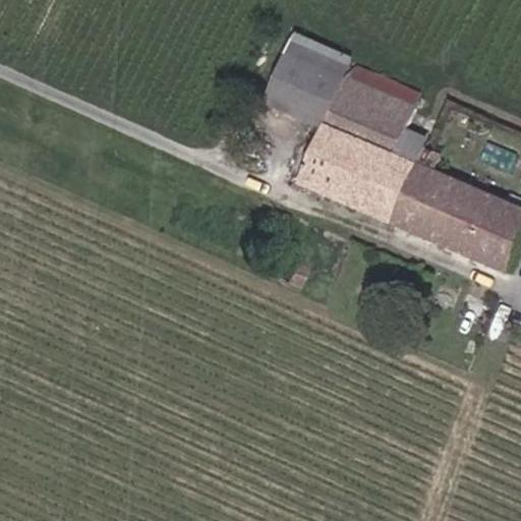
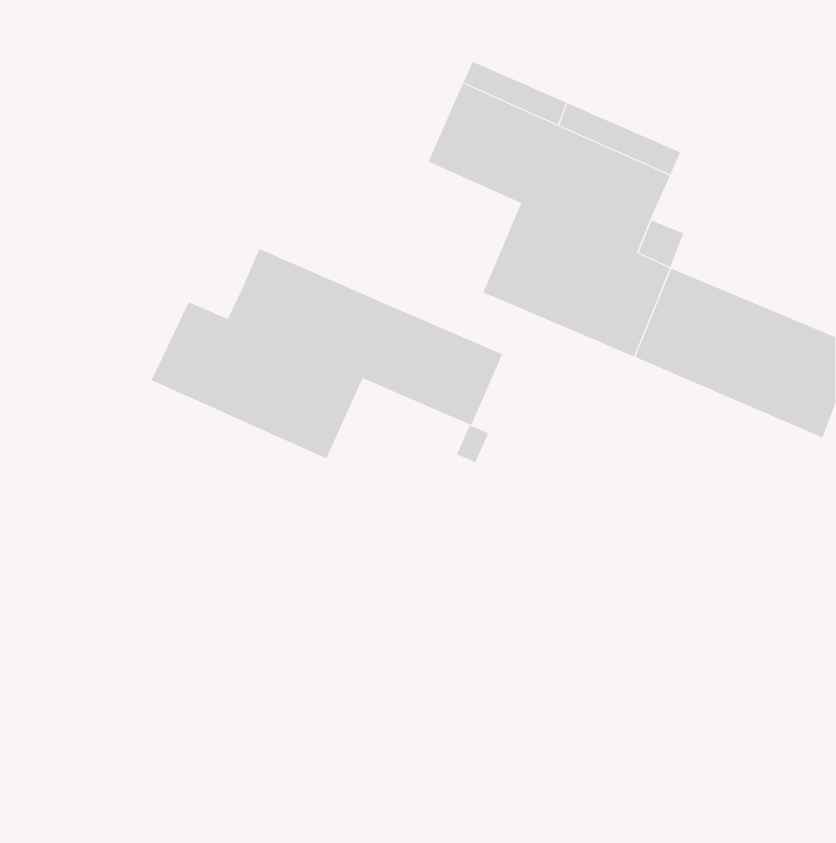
building: none -> [151,248,503,459]

